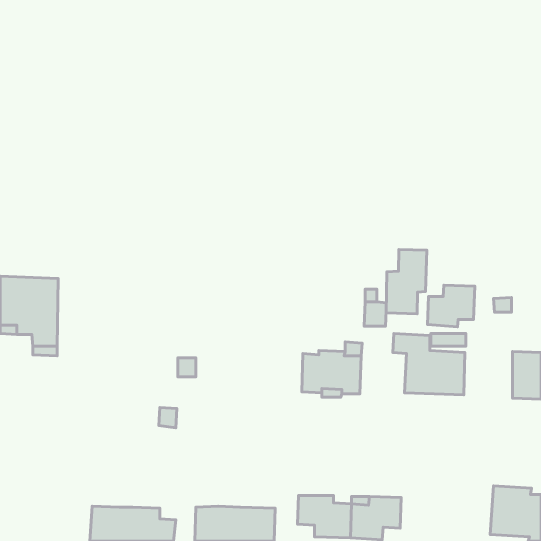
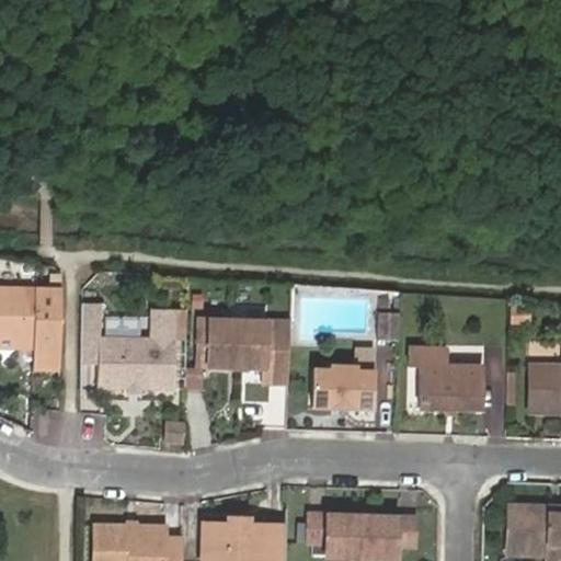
building: [386,249,427,314] -> none
building: [428,285,475,327] -> none
building: none -> [81,304,186,389]
building: none -> [198,319,288,382]

